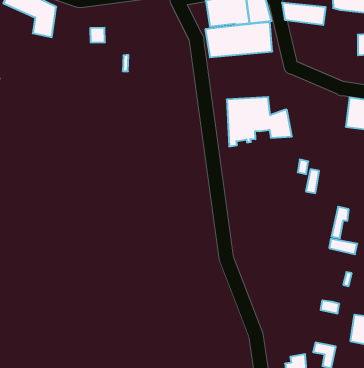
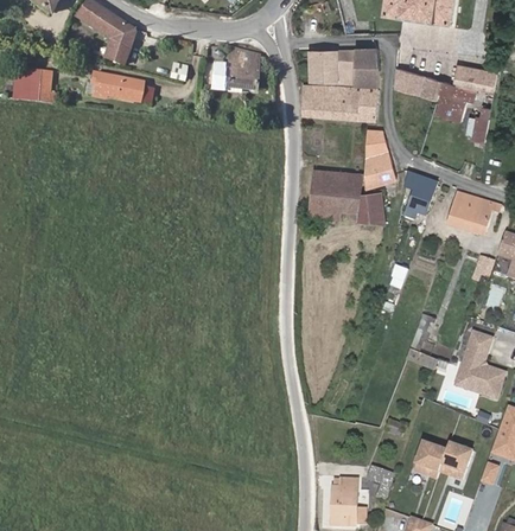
building: none -> [435,79,476,119]
building: none -> [212,46,259,89]
building: none -> [104,71,144,103]
building: none -> [364,128,398,188]
building: none -> [405,169,438,212]

